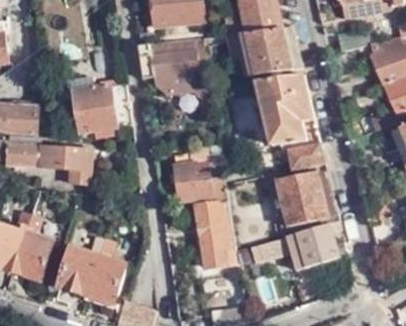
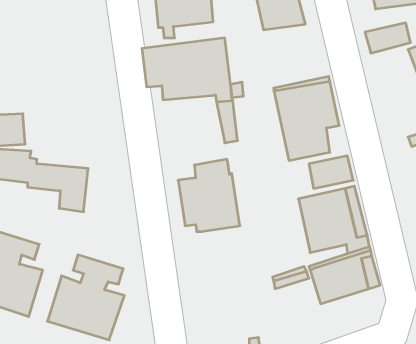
building: [225,31,296,77] -> none
building: [68,86,133,134] -> none
building: [194,206,236,270] -> none

